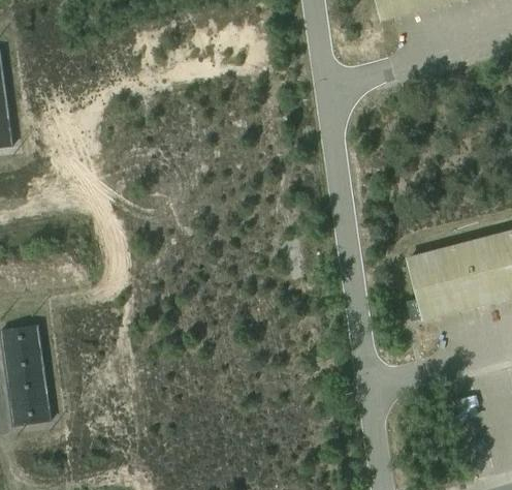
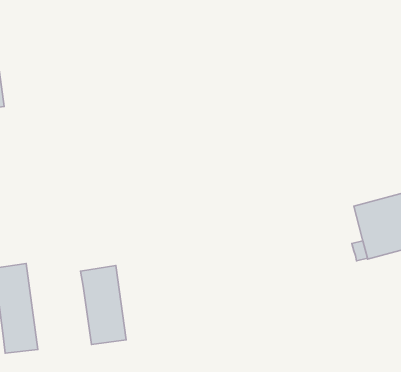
building: none -> [81,266,126,345]

